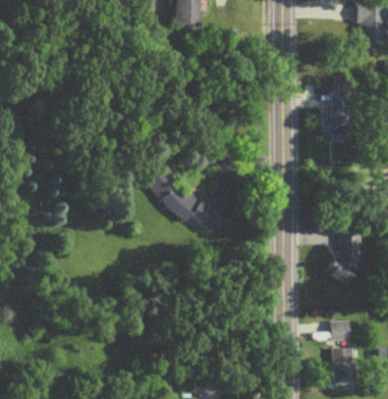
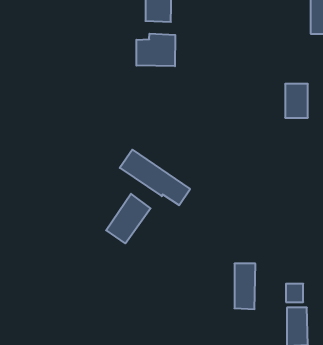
building: none -> [136,34,175,66]
building: none -> [106,194,151,243]
building: [336,230,359,281] -> [234,264,255,309]

